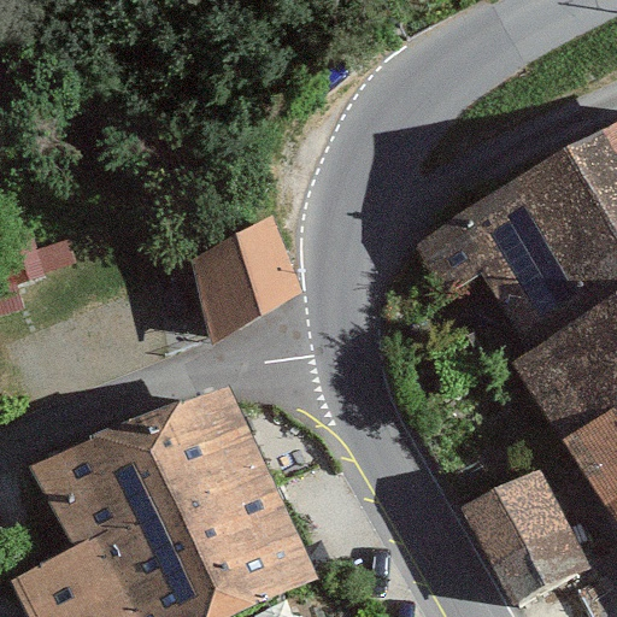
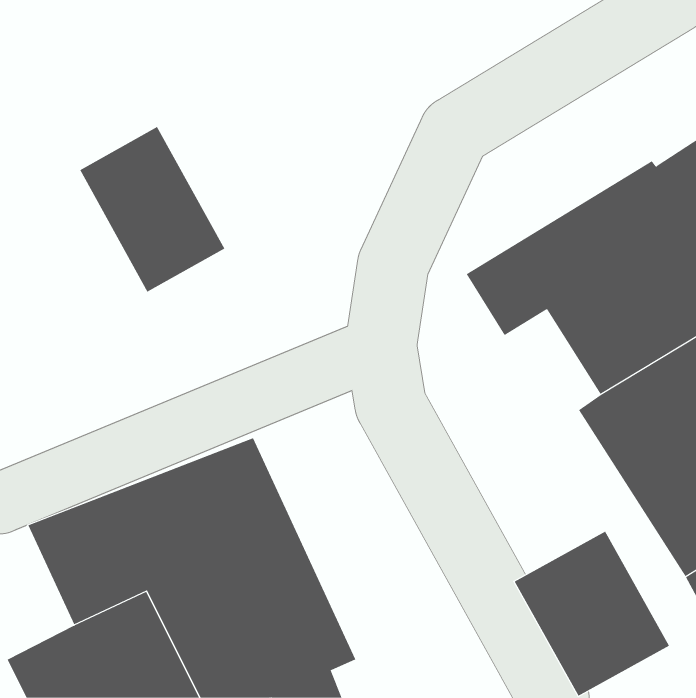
building: none -> [79,126,225,293]
building: [205,224,300,337] -> none

